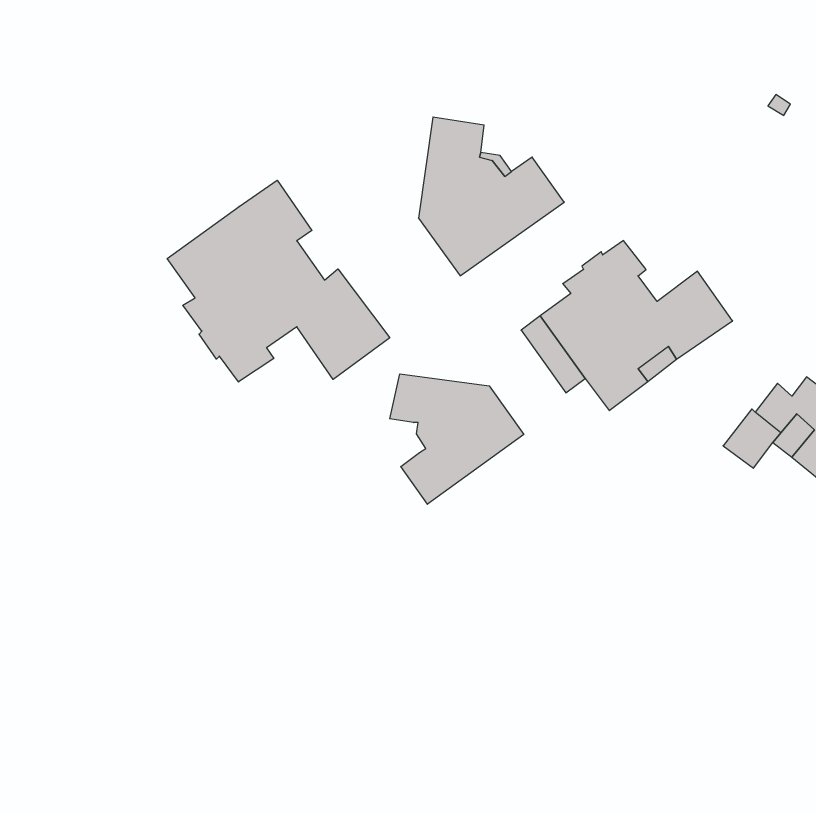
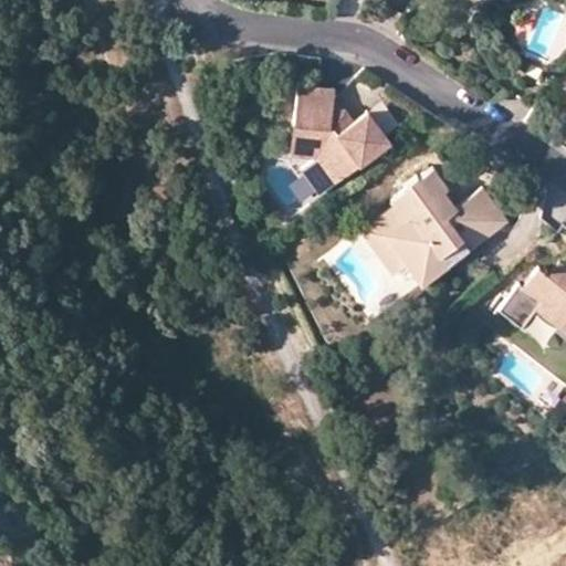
building: [167,180,390,382] -> none
building: [390,374,524,504] -> none

